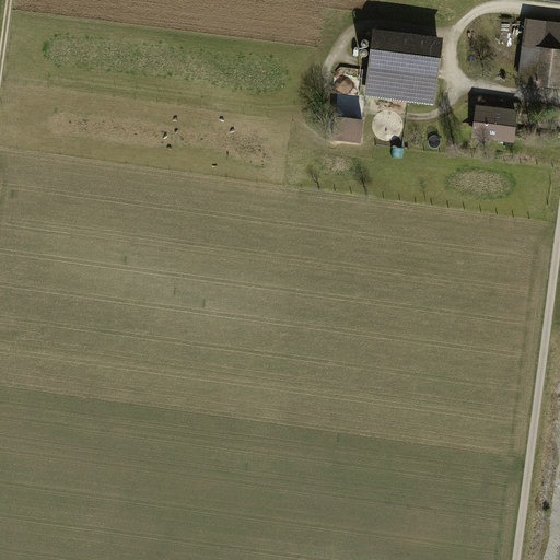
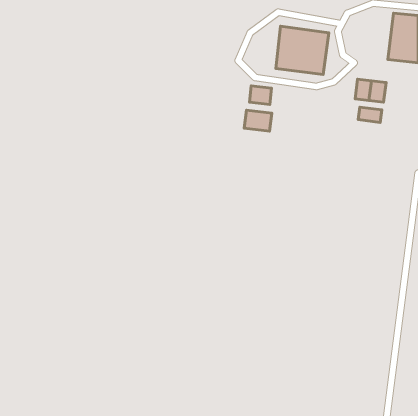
building: none -> [358,107,382,122]
building: none -> [244,110,272,131]

